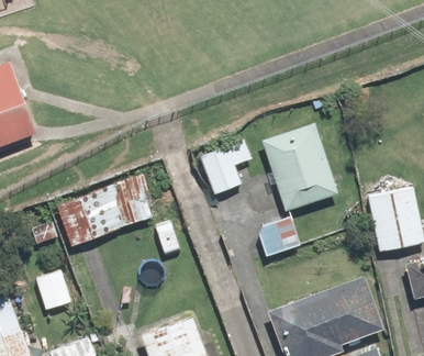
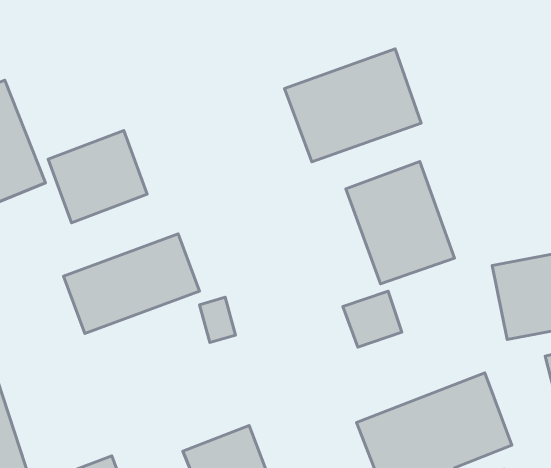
building: none -> [284,49,421,162]
building: none -> [48,131,147,223]
building: [199,140,249,196] -> none

